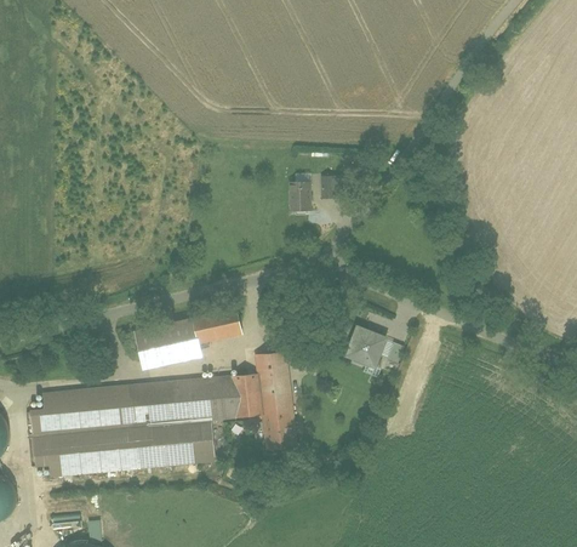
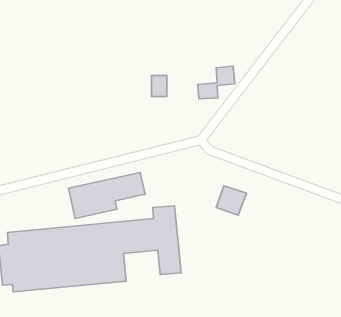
building: [290,180,312,210] -> [152,76,167,97]

